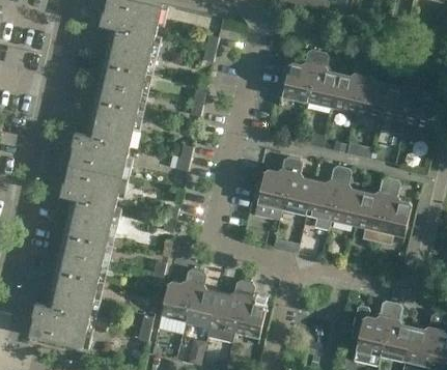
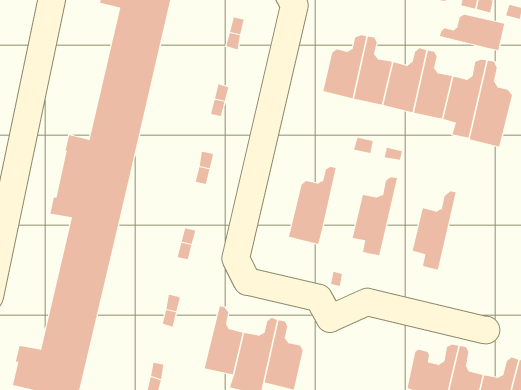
building: none -> [439,14,505,51]
building: [281,159,313,216] -> none
building: [330,167,362,226] -> none
building: [375,178,411,245] -> none
building: [160,269,197,321] -> none

